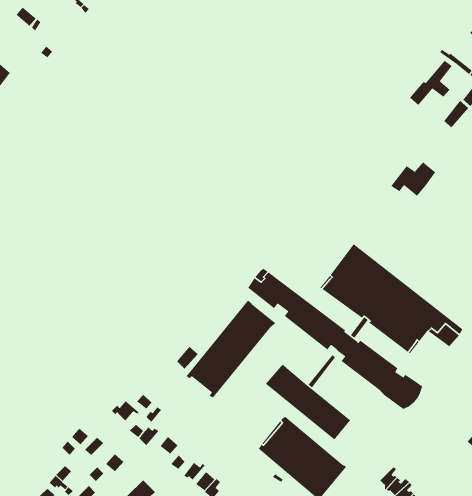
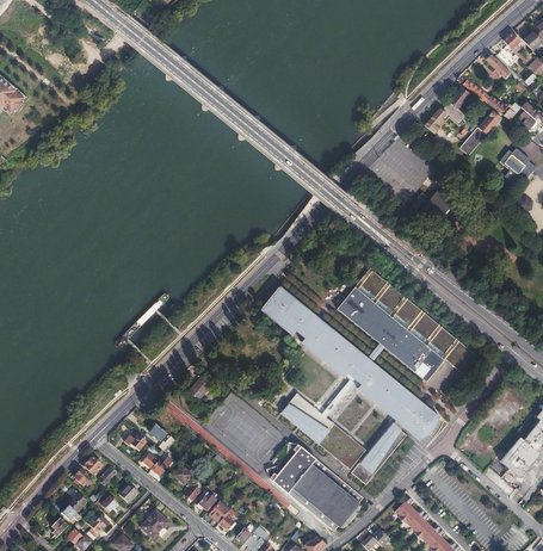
building: [186,300,276,399] -> none
building: none -> [351,422,406,483]

